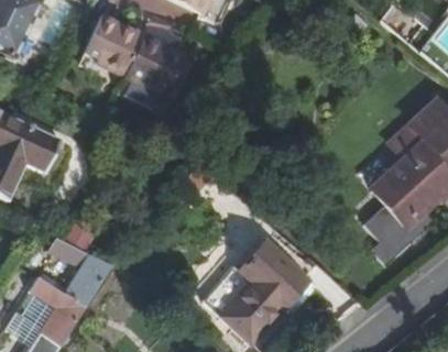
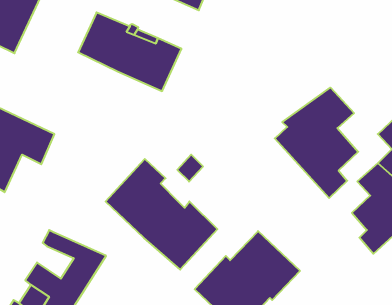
building: none -> [275,88,358,198]
building: none -> [106,159,217,270]

